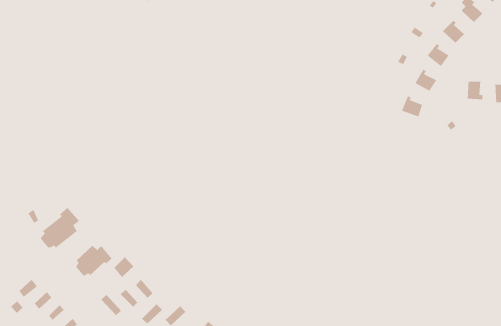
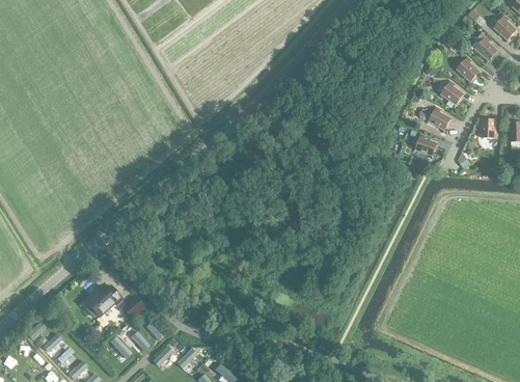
building: [40,207,80,249] -> none

